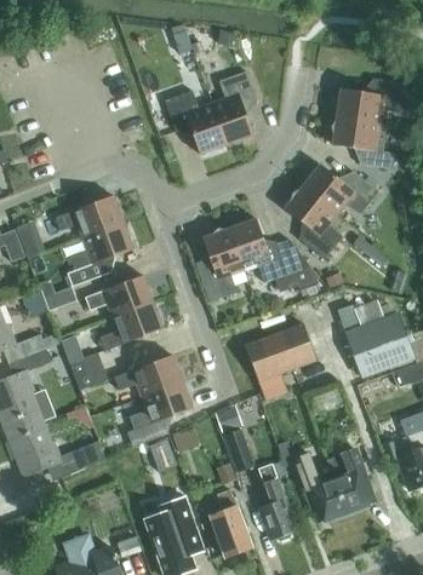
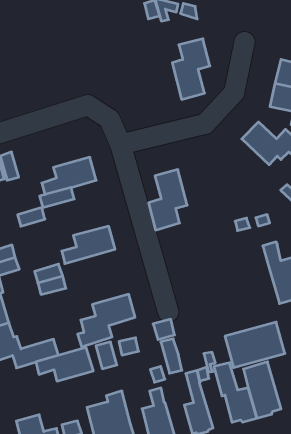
building: [164,90,227,154] -> none
building: [285,185,342,258] -> none
building: [55,195,124,237] -> none
building: [229,218,309,282] -> none
building: [85,275,153,316] -> none
building: [244,322,316,380] -> [225,322,285,368]
building: [114,353,183,396] -> [36,348,93,381]

